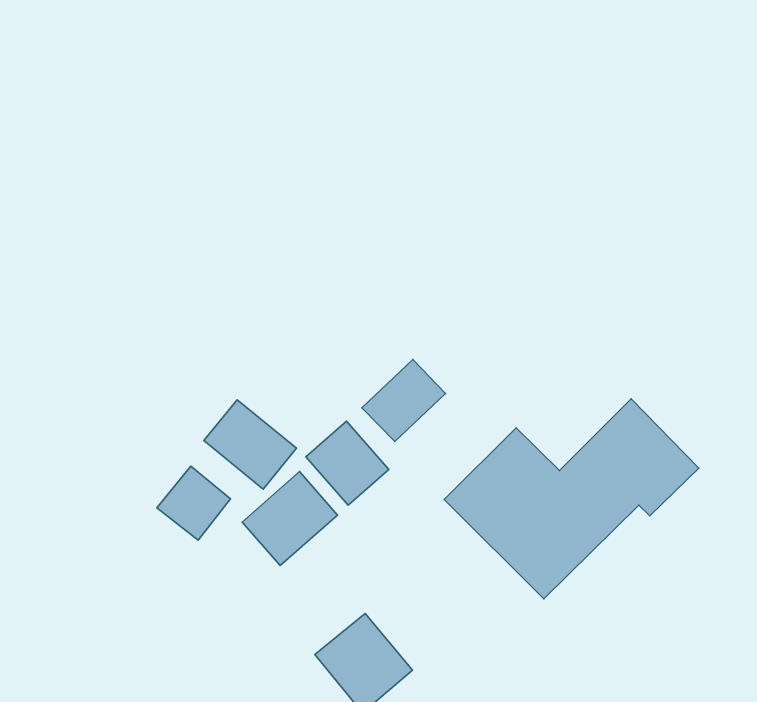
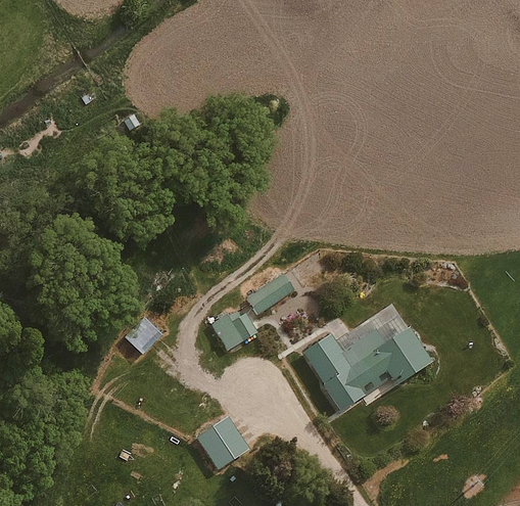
building: [204,400,297,489] -> none
building: [242,472,338,565] -> none

